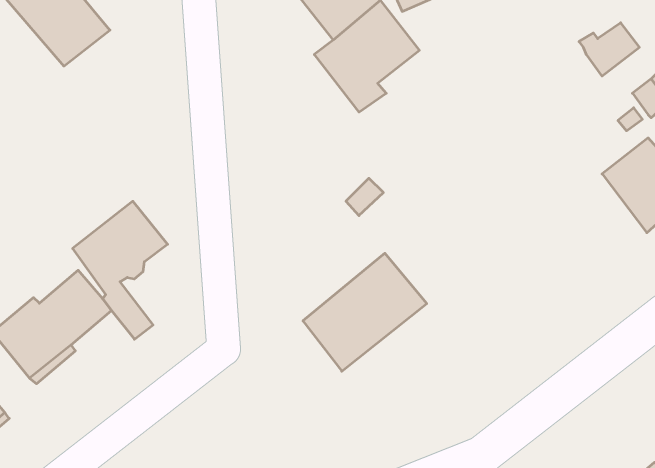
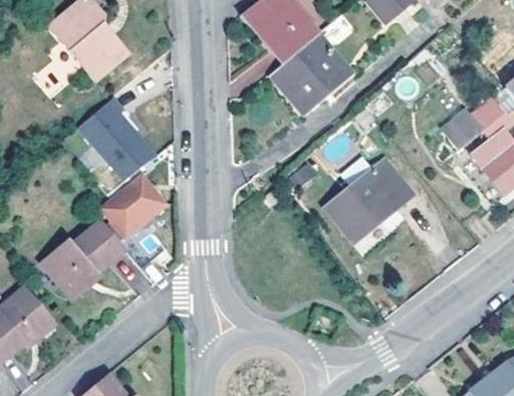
building: [579,23,639,76] -> [440,113,482,150]
building: none -> [76,98,160,185]
building: [303,253,427,371] -> [324,158,411,240]

